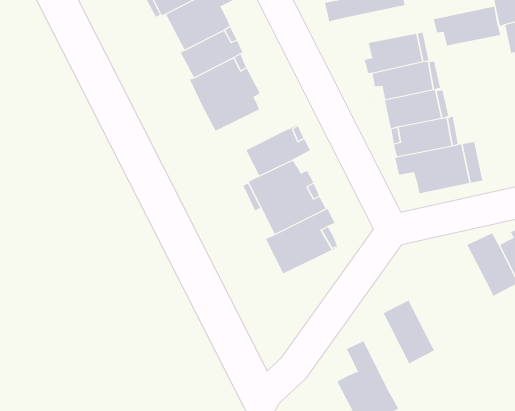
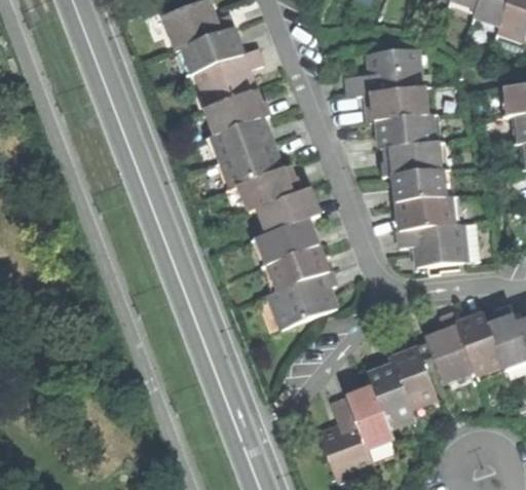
building: [433,6,501,48] -> [364,86,426,120]
building: none -> [238,165,297,211]
building: none -> [424,308,475,377]
building: none -> [394,347,440,409]
building: none -> [350,387,396,449]

